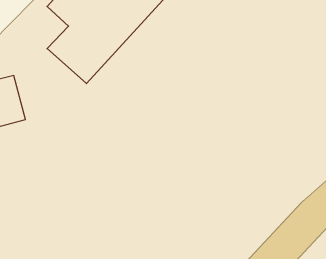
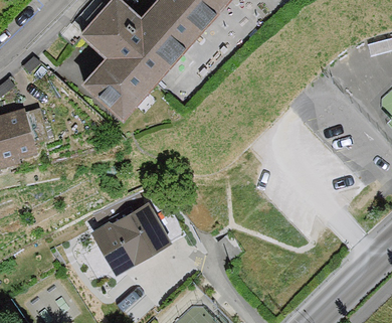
building: none -> [88,205,173,278]

